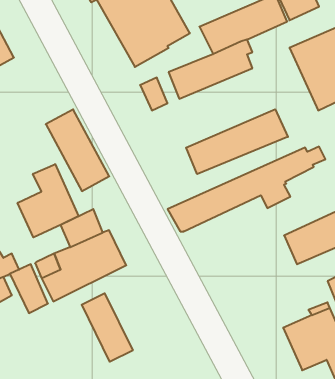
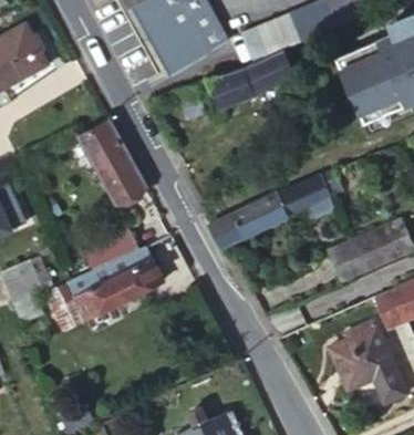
building: [186,109,288,174] -> none
building: [18,164,79,237] -> none
building: [82,293,133,362] -> none

